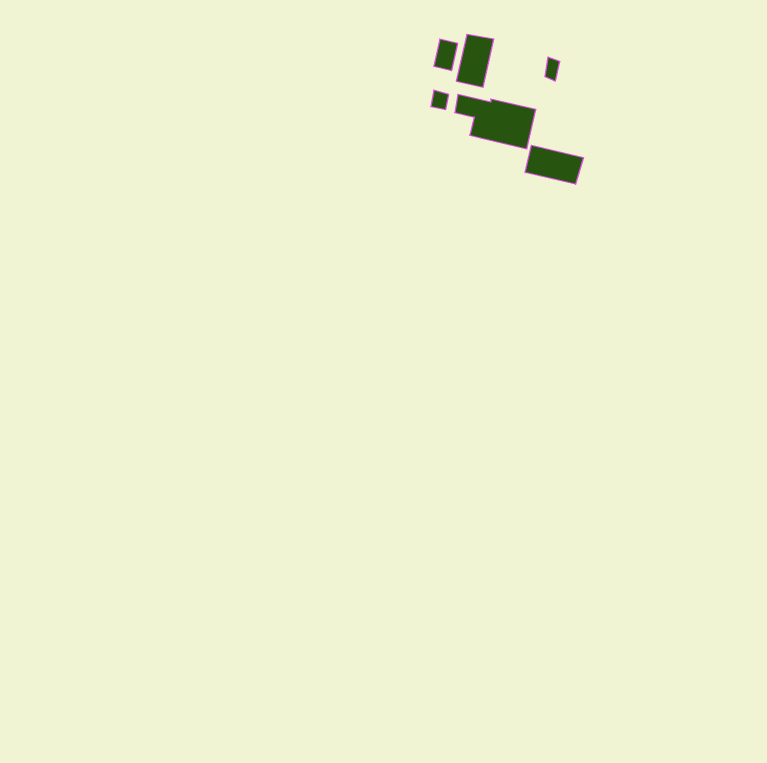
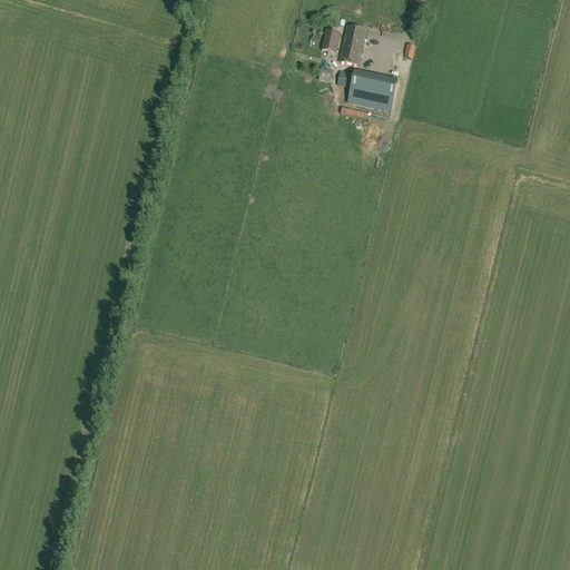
building: [525,145,583,184] -> none

